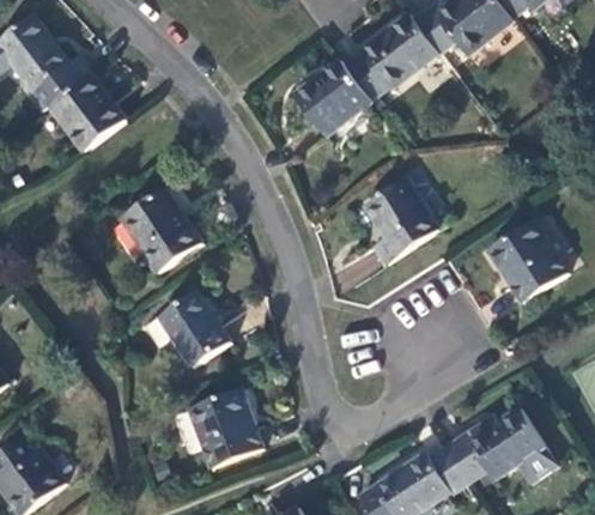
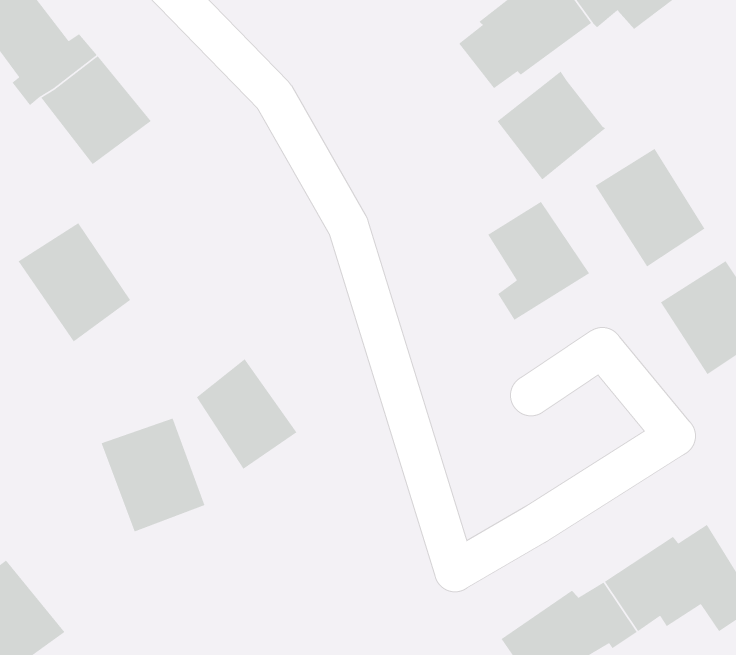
building: [293,60,371,138] -> [496,71,606,180]
building: none -> [595,148,706,267]
building: [120,189,200,274] -> [18,222,131,342]
building: [187,387,261,468] -> [100,417,205,532]

